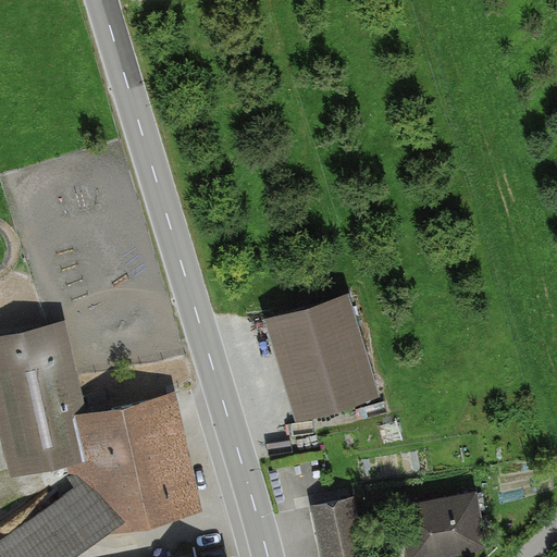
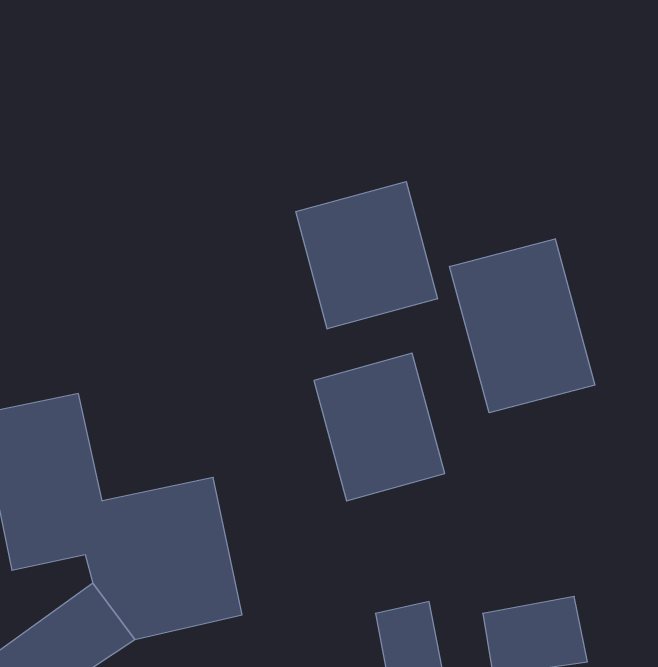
building: none -> [296,182,437,329]
building: none -> [450,239,595,413]

